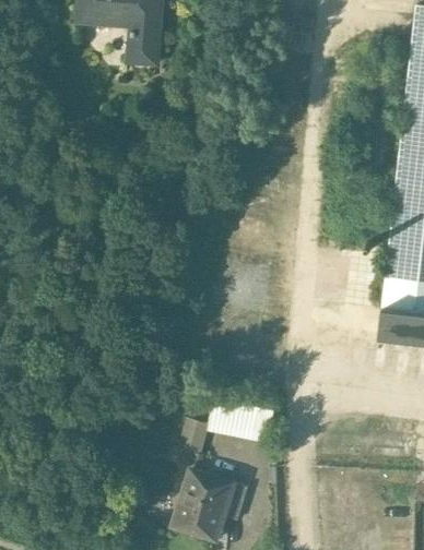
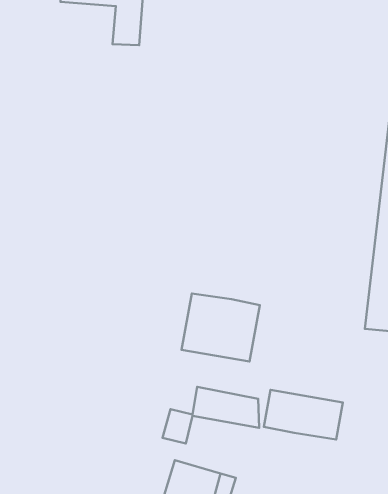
building: none -> [182,294,260,361]
building: none -> [264,390,343,439]

